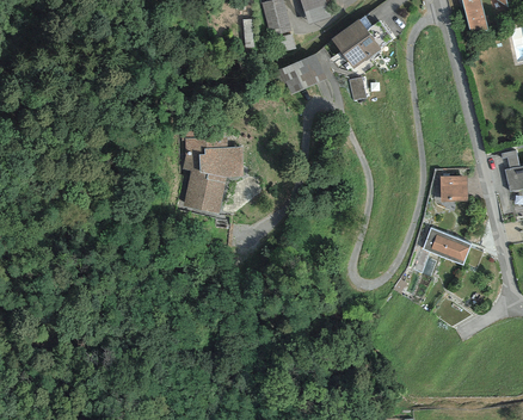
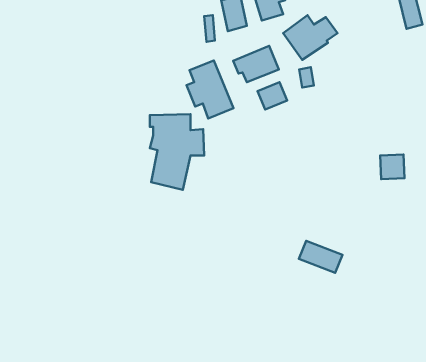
building: none -> [187,60,233,119]
building: none -> [258,82,287,109]
building: [422,228,470,264] -> [299,241,343,273]

